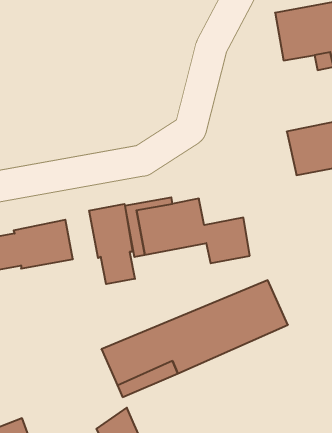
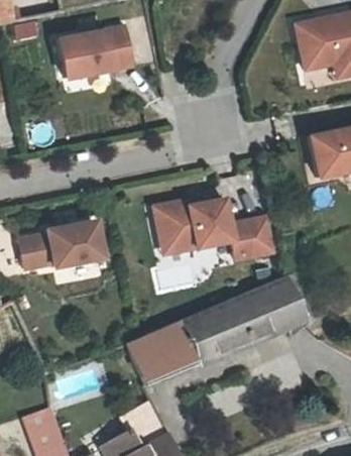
building: none -> [58,26,133,77]
building: [89,204,135,284] -> none

